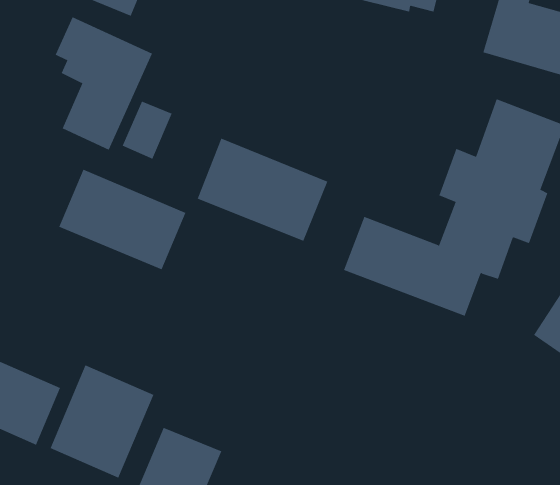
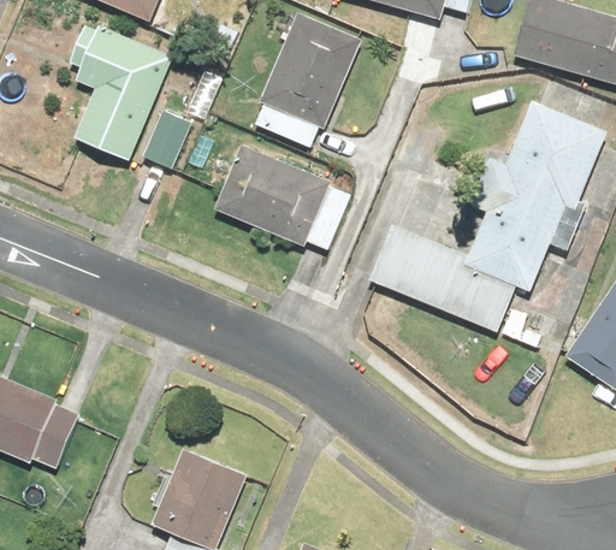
building: none -> [256,11,357,147]
building: [58,169,186,270] -> none
building: [50,364,154,478] -> none

